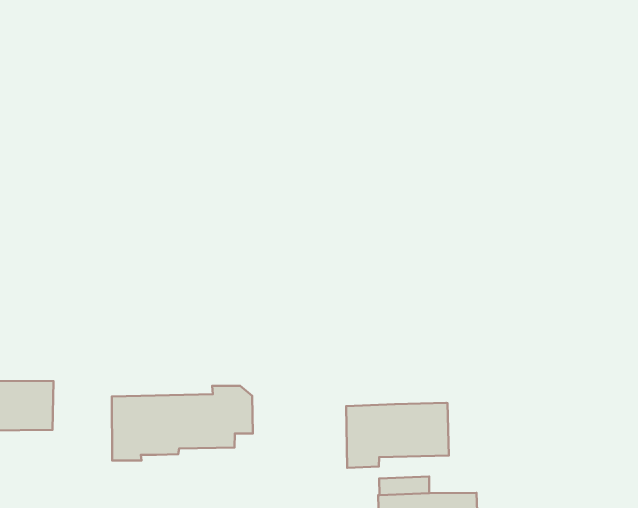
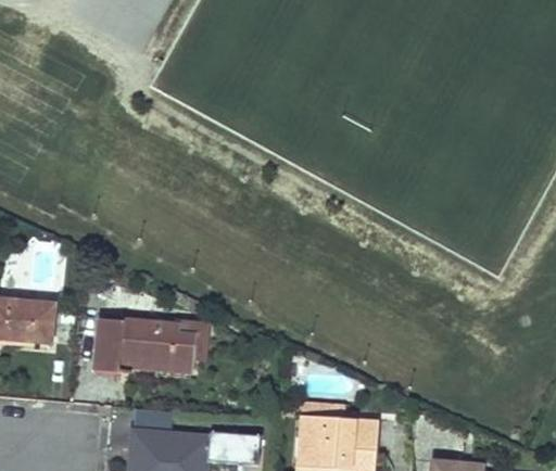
building: [346,403,449,468] -> none

